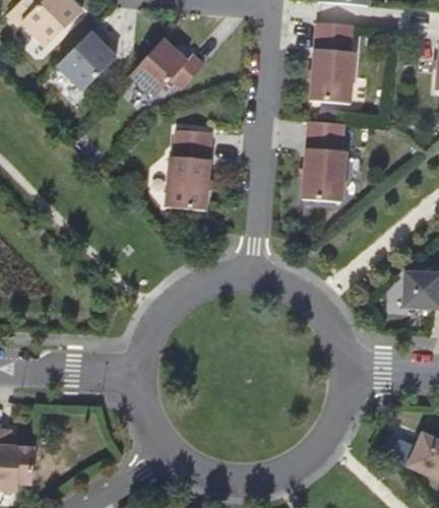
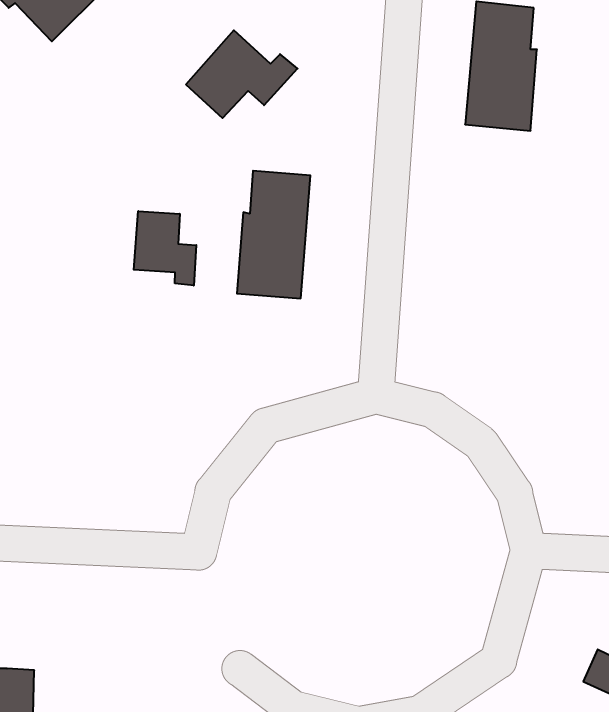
building: [57,25,115,90] -> none
building: [303,121,348,202] -> none
building: none -> [134,211,196,286]

